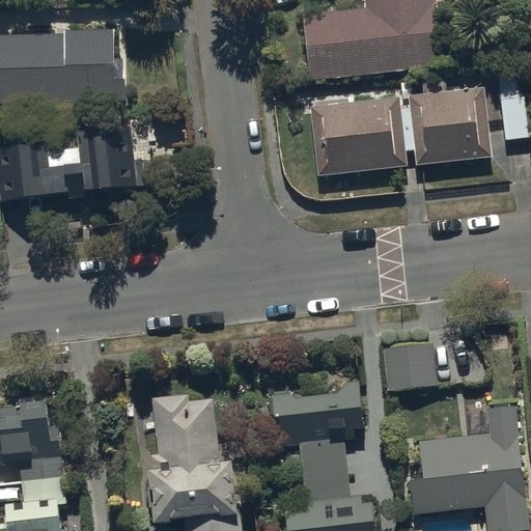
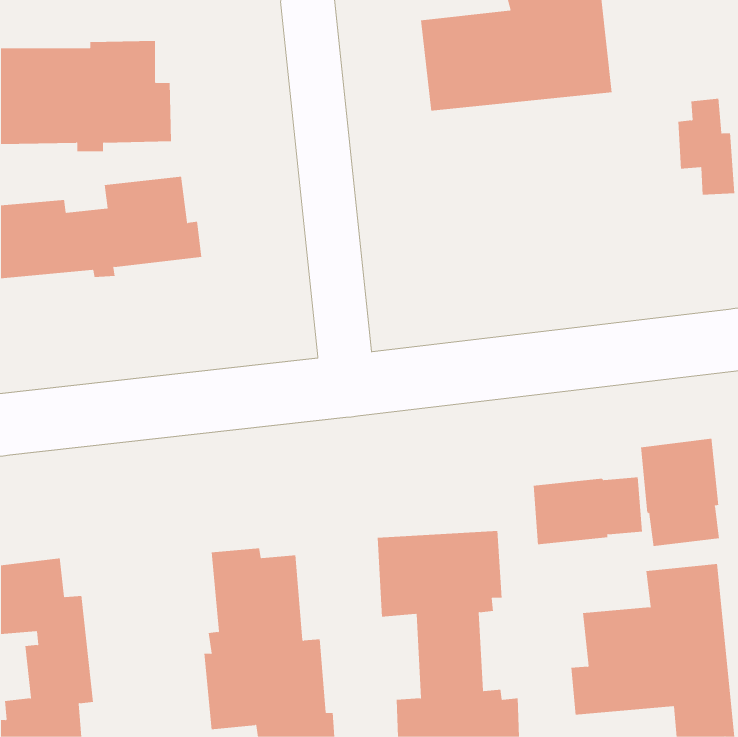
building: [310,77,490,175] -> none
building: none -> [640,438,720,547]

